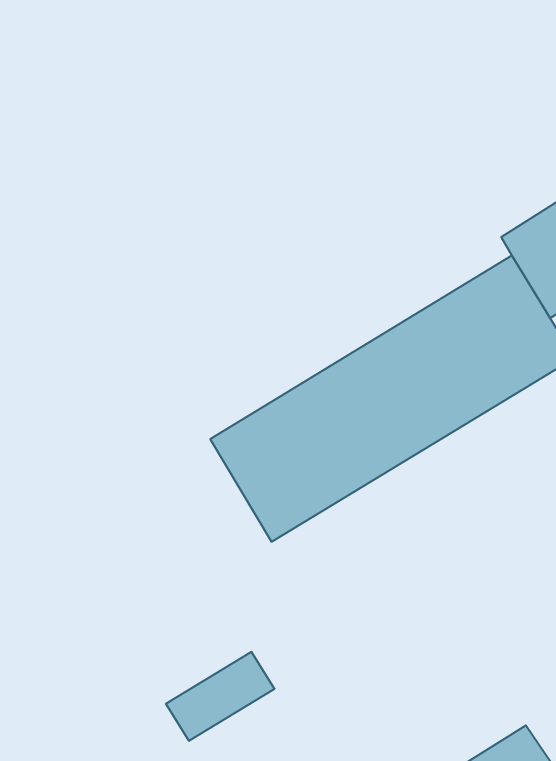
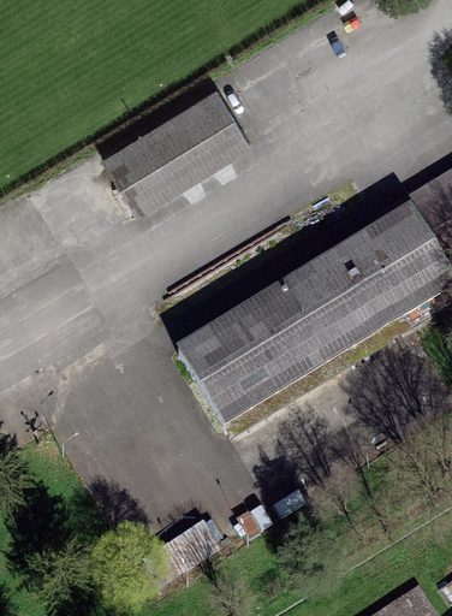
building: none -> [101,84,249,212]

